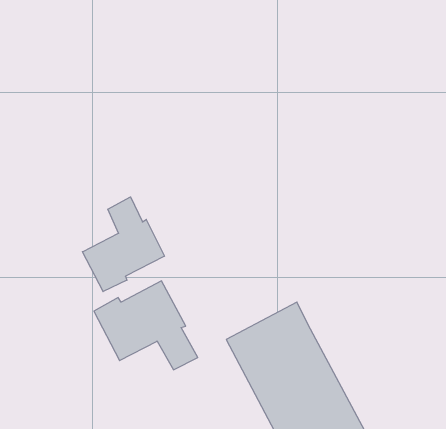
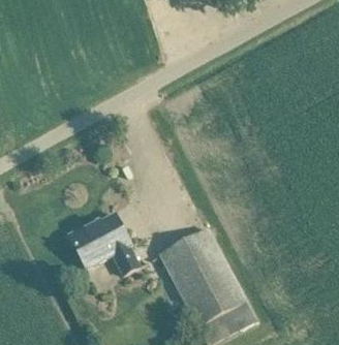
building: [82,197,164,292] -> none

